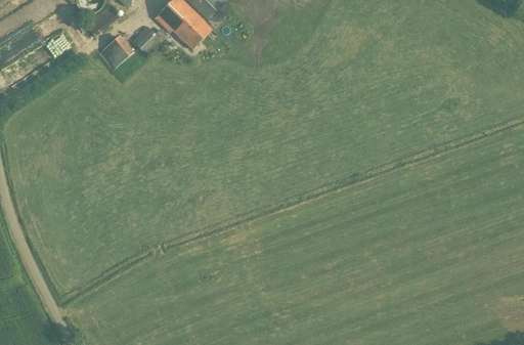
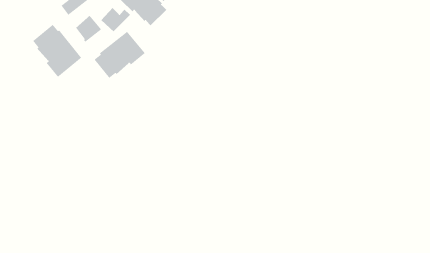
building: none -> [32,24,82,78]
building: none -> [93,31,146,79]

